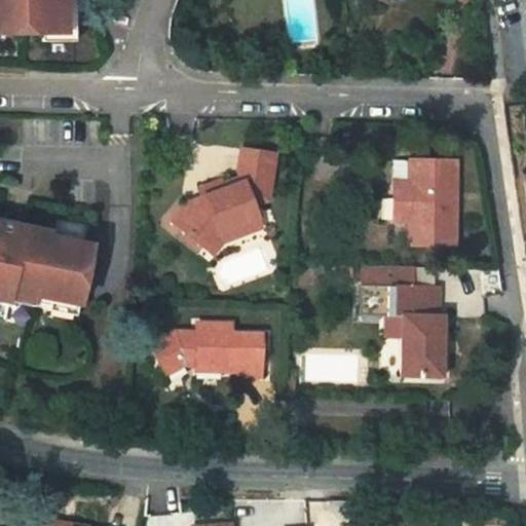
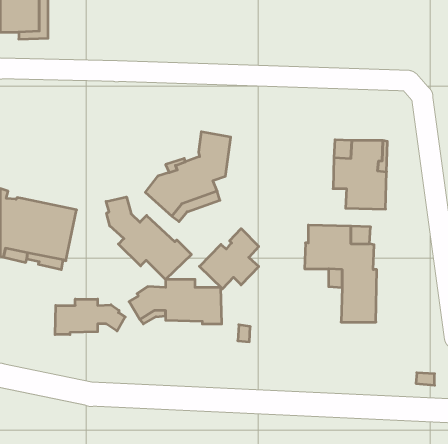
building: none -> [106,197,191,279]
building: none -> [199,229,259,289]
building: none -> [55,299,125,335]

